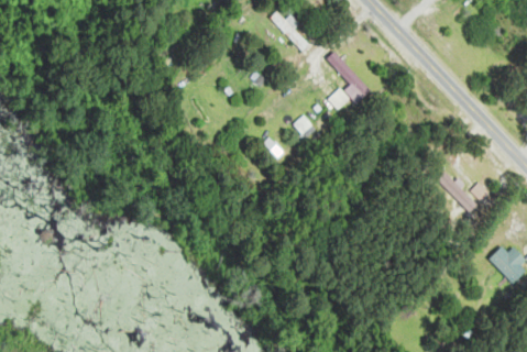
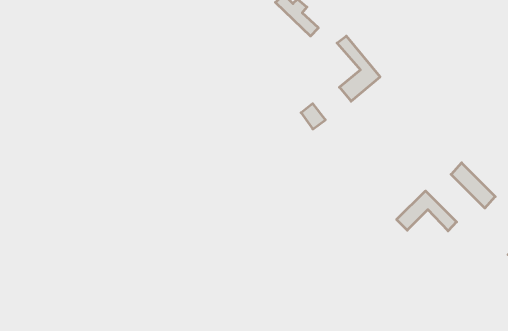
building: none -> [397,191,457,231]

